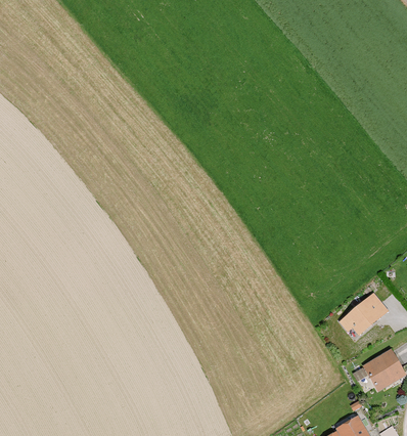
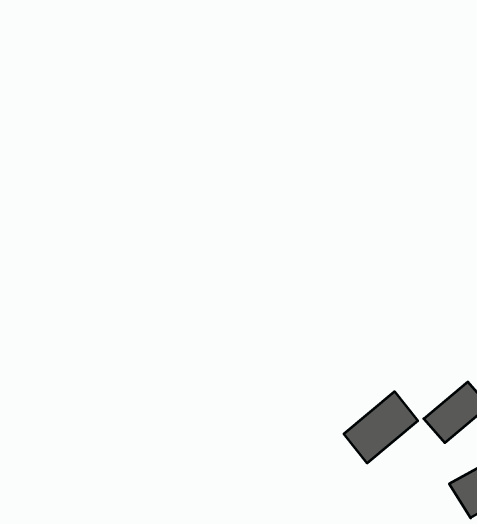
building: none -> [344,392,418,463]

